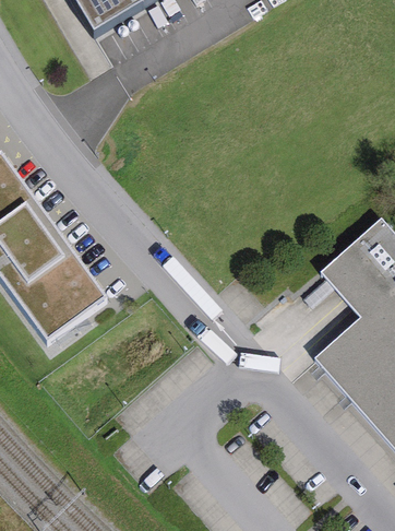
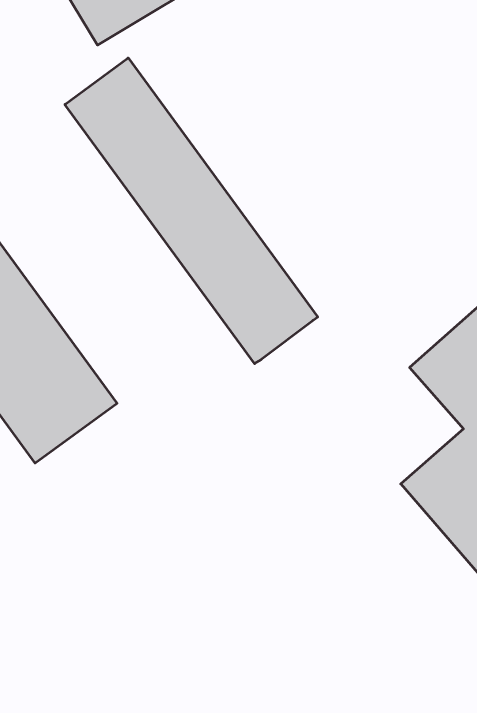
building: none -> [65,58,318,364]

